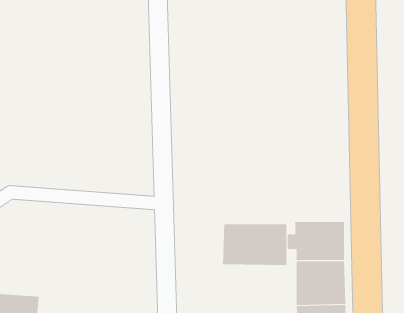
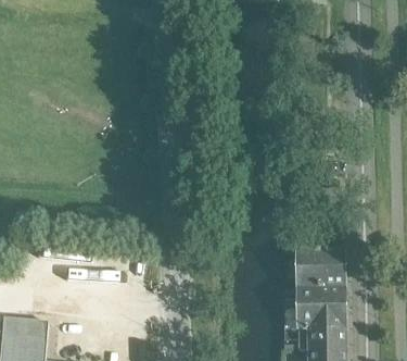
building: [222,223,287,266] -> none

